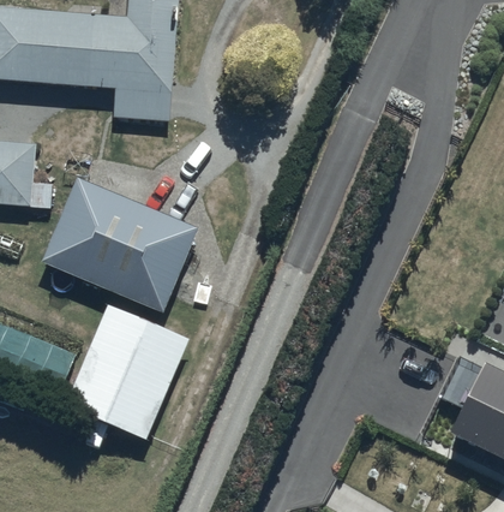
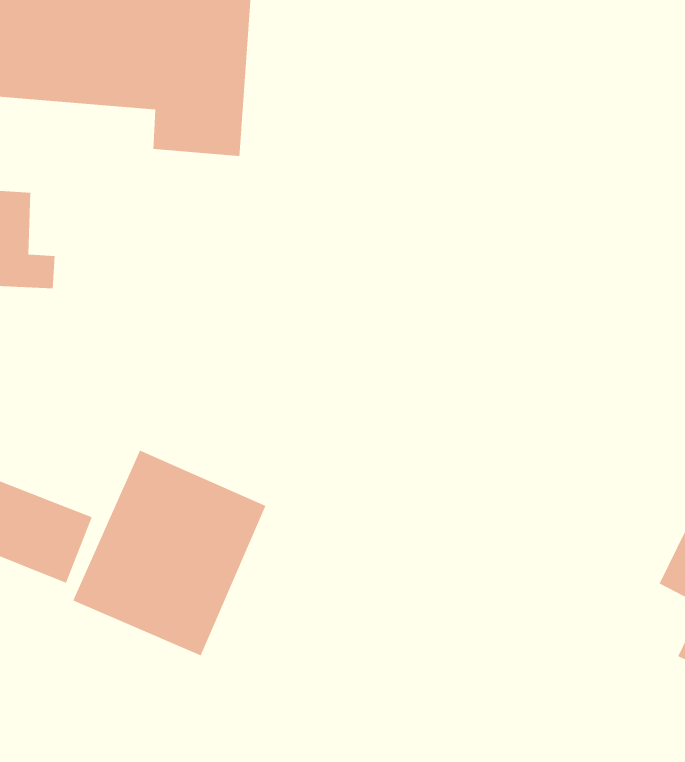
building: [43,179,197,312] -> none

